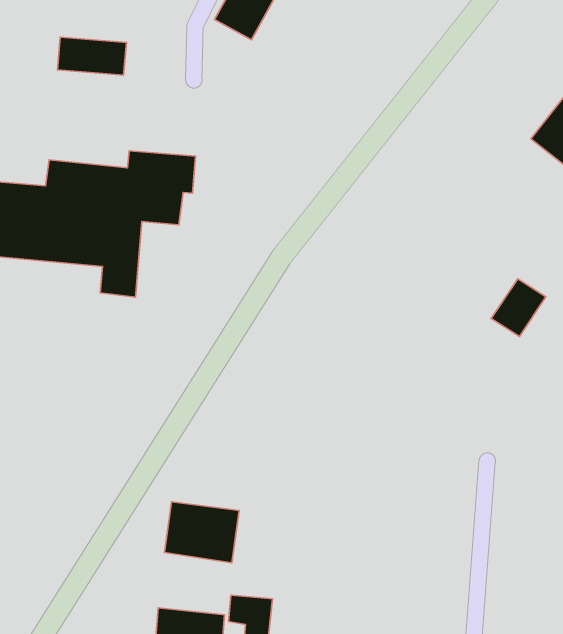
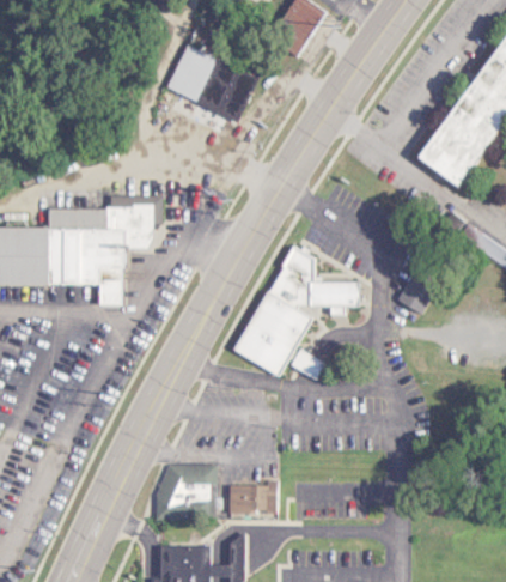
building: [57,37,126,75] -> none
building: none -> [236,244,360,378]
building: none -> [228,484,279,515]

